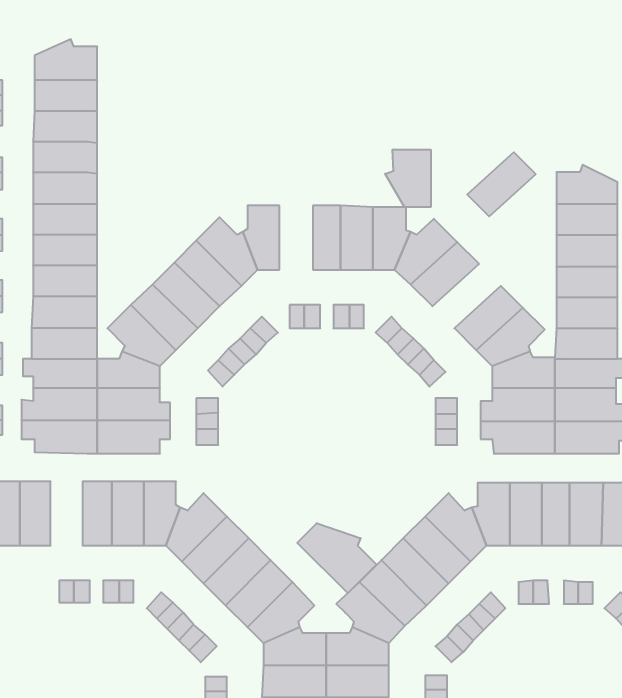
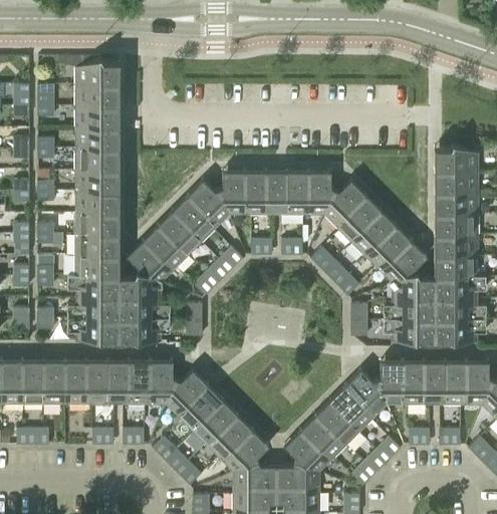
building: [385,150,431,207] -> none
building: [467,152,536,216] -> [349,211,397,255]
building: none -> [244,171,267,215]
building: none -> [86,360,108,405]
building: [297,523,376,593] -> none

